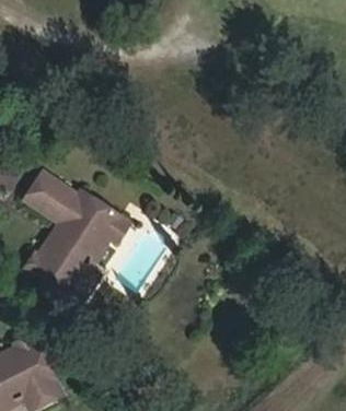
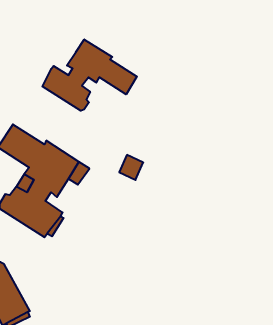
building: none -> [42,39,137,111]

